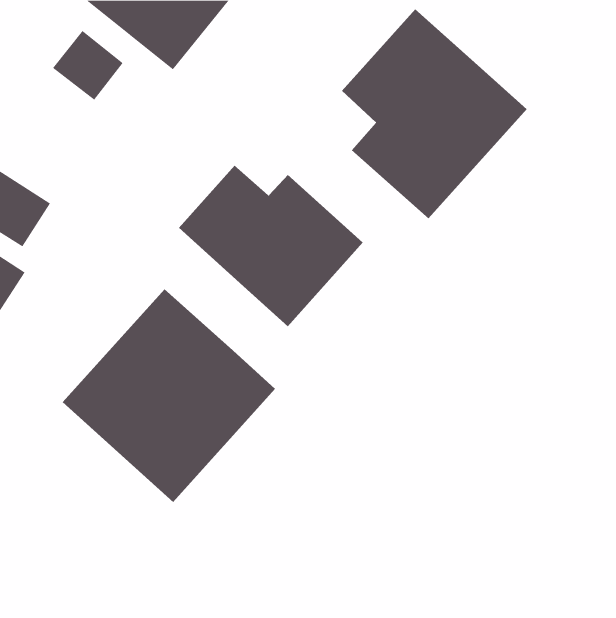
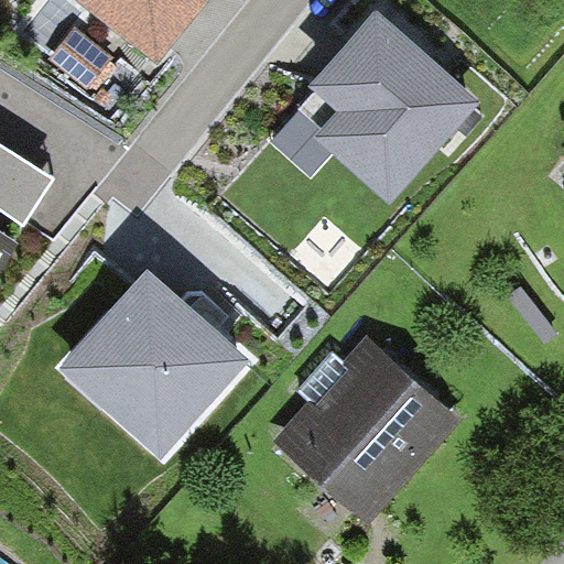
building: [178,165,363,327] -> none
building: none -> [263,335,451,522]

